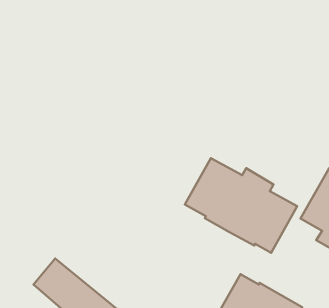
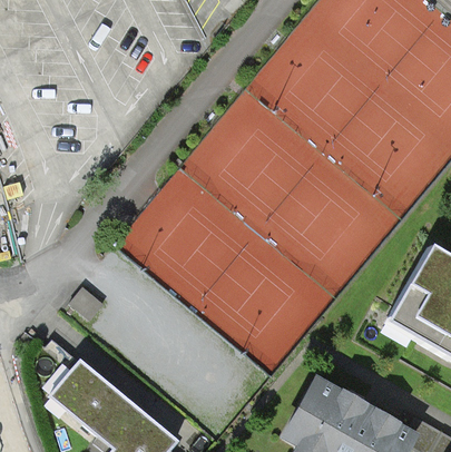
building: [185,158,297,253] -> none

